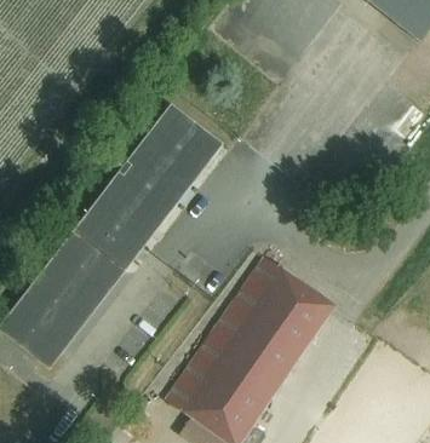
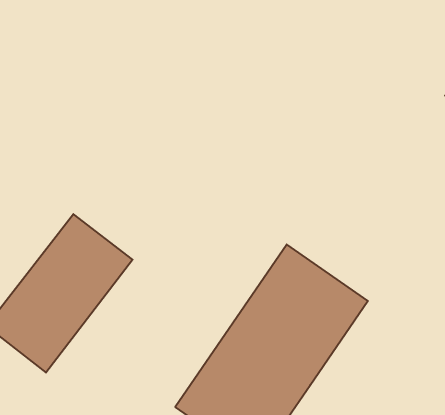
building: [74,102,224,269] -> none

